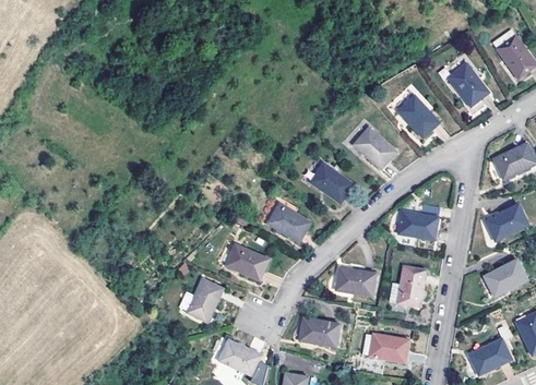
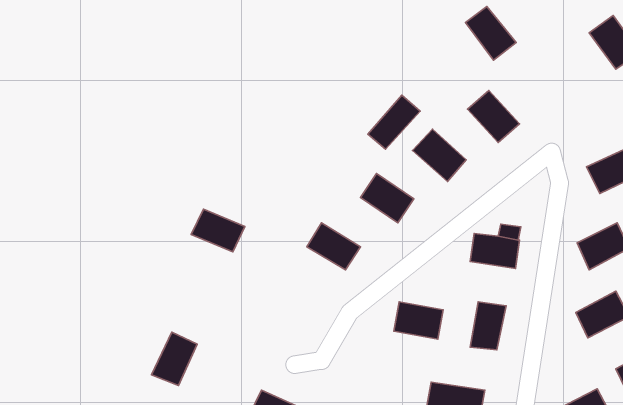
building: [448,63,489,107] -> [465,7,516,60]
building: none -> [368,95,420,149]
building: [224,244,267,279] -> [191,209,245,252]
building: [186,278,223,322] -> [152,332,197,386]
building: [299,316,341,347] -> none

